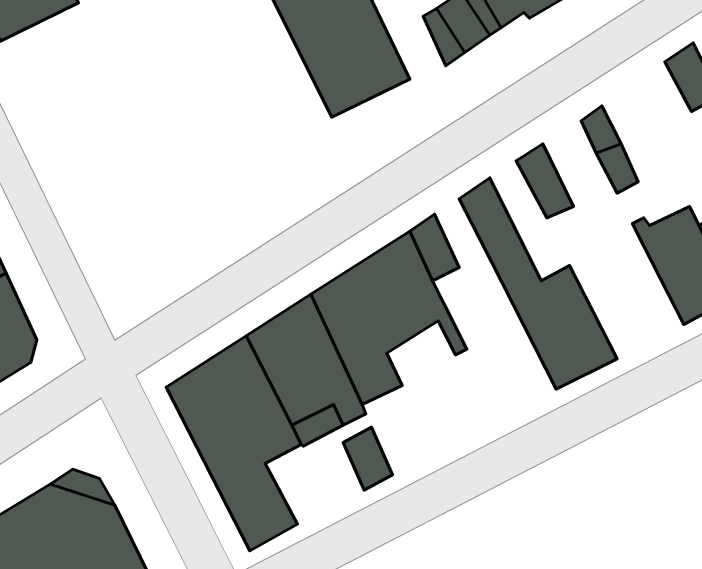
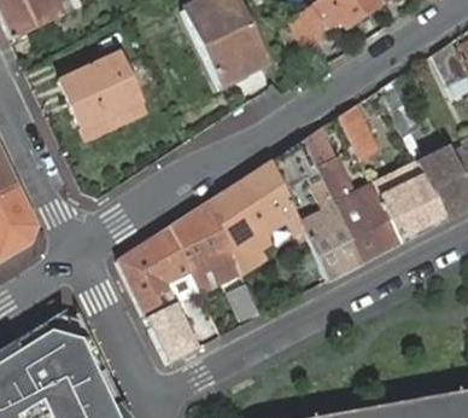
building: none -> [59,53,145,139]
building: none -> [372,162,444,243]
building: none -> [292,181,363,281]

